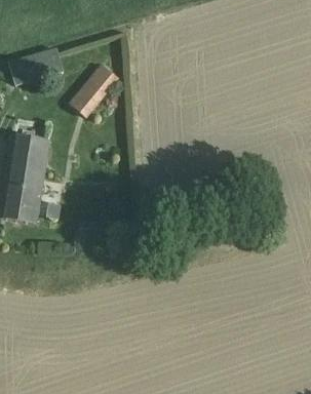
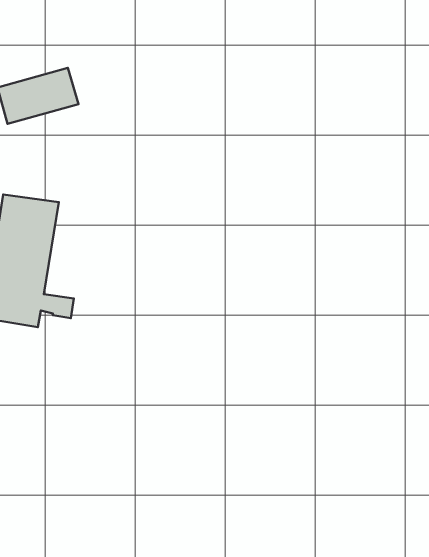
building: [68,65,115,116] -> none

